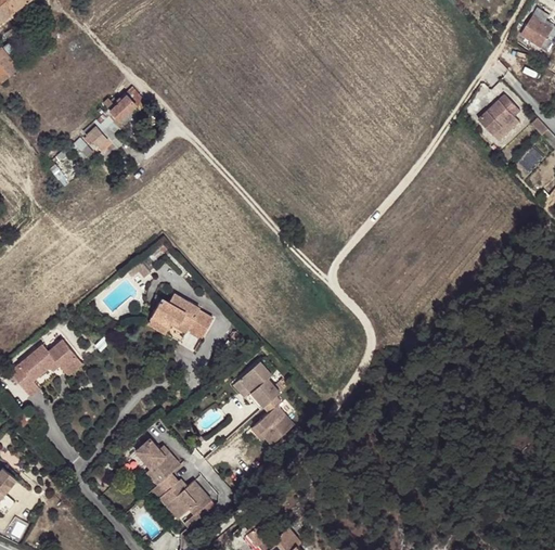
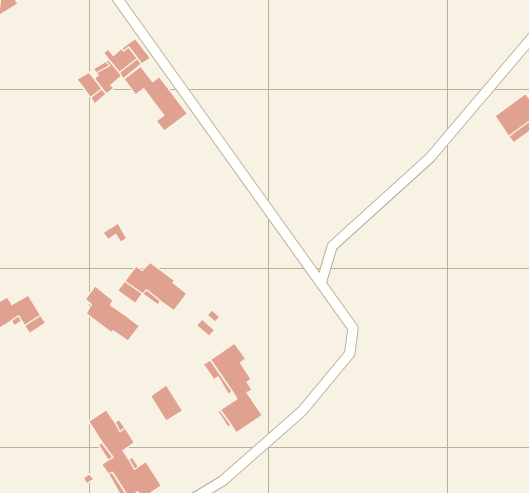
building: none -> [124,66,188,131]
building: none -> [85,286,139,341]
building: none -> [150,385,183,421]

